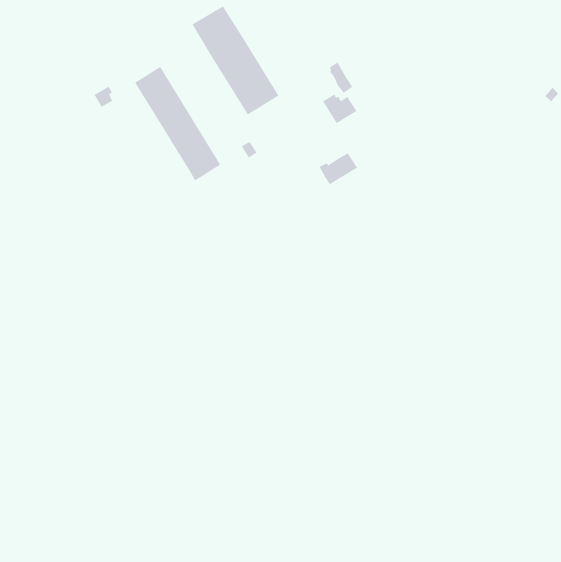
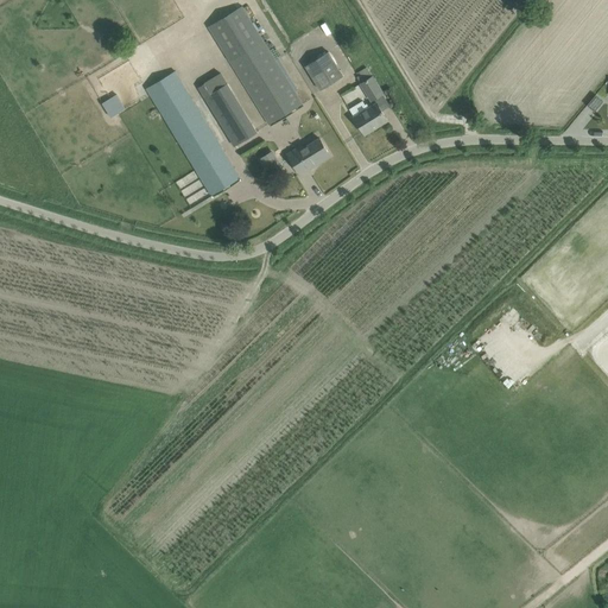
building: none -> [304,51,342,89]
building: none -> [196,72,255,146]
building: [318,152,358,185] -> [286,139,329,175]

